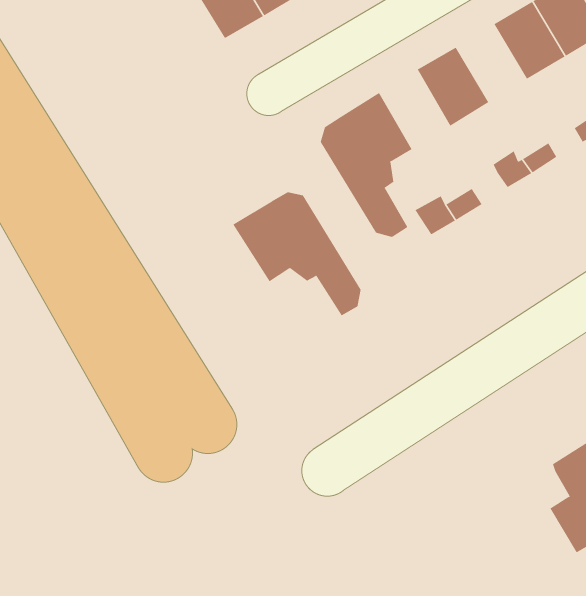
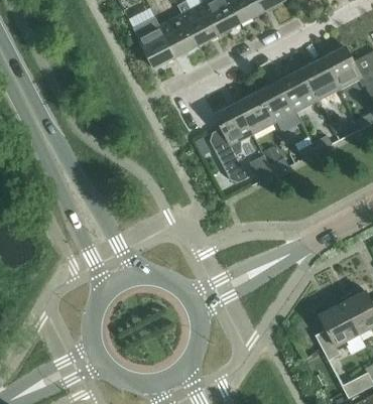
building: none -> [280,70,318,112]
building: none -> [237,92,274,135]
building: [232,192,361,316] -> none

